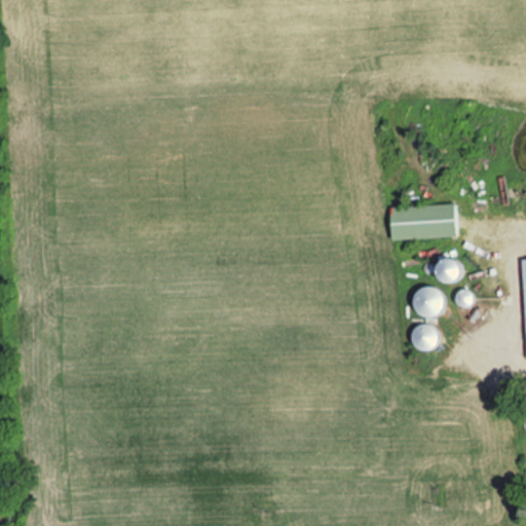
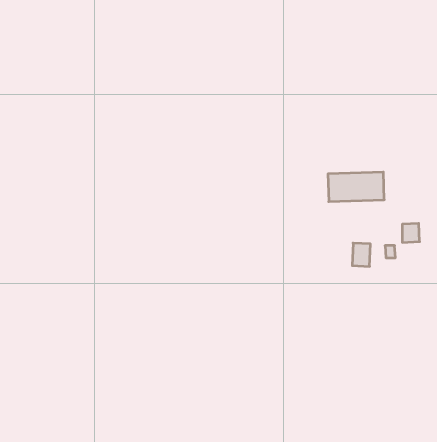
building: [442,259,462,281] -> [402,223,420,242]
building: [410,324,438,352] -> none

